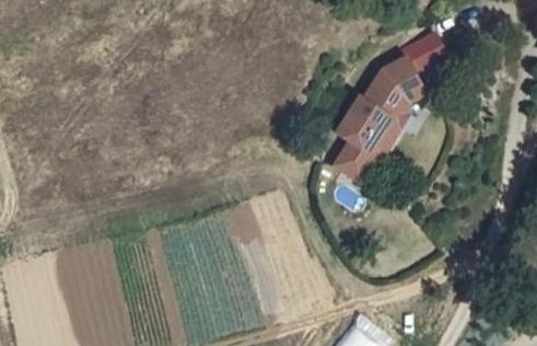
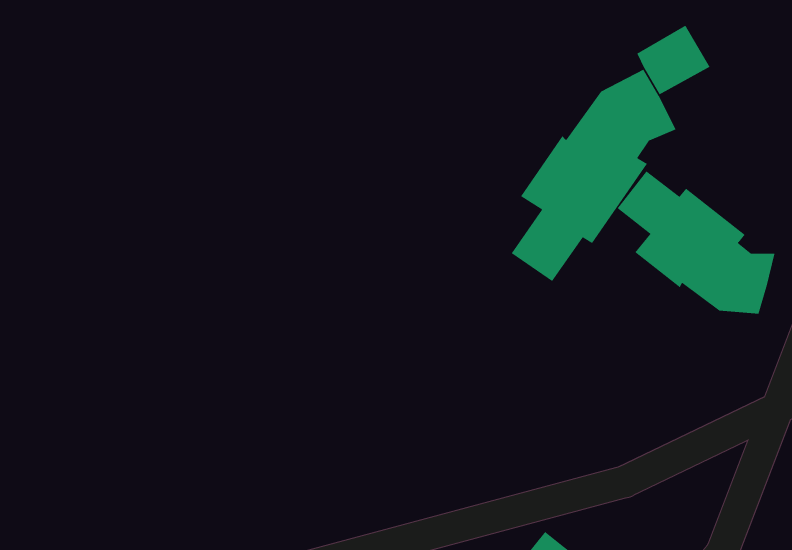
building: none -> [617,170,775,315]

